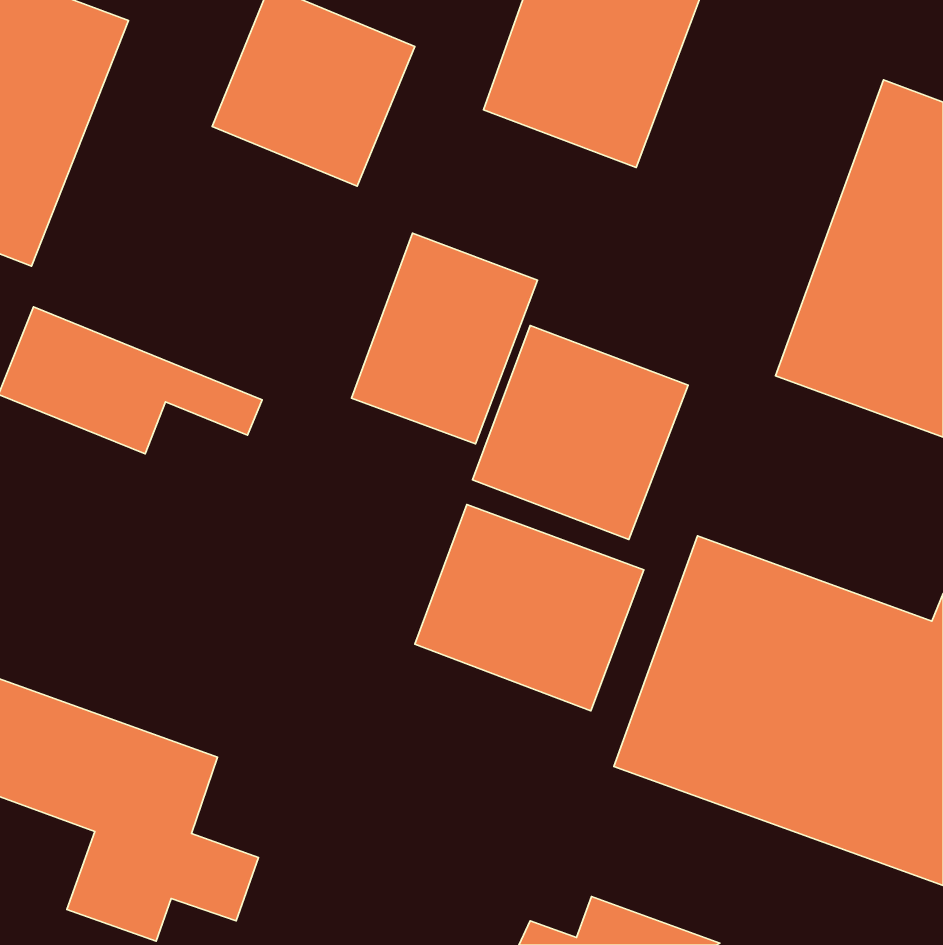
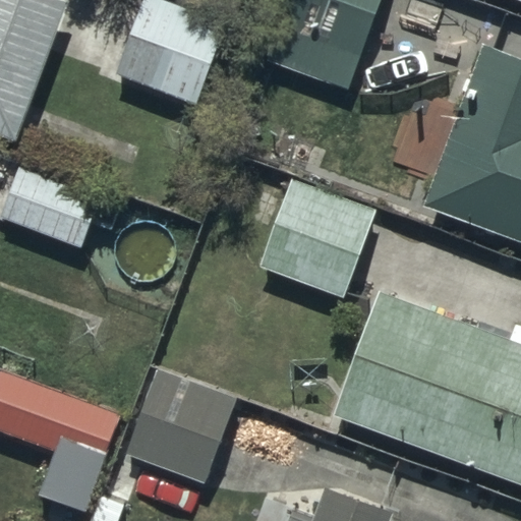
building: [352,233,537,444] -> none
building: [415,504,644,711] -> none
building: none -> [123,368,235,482]

